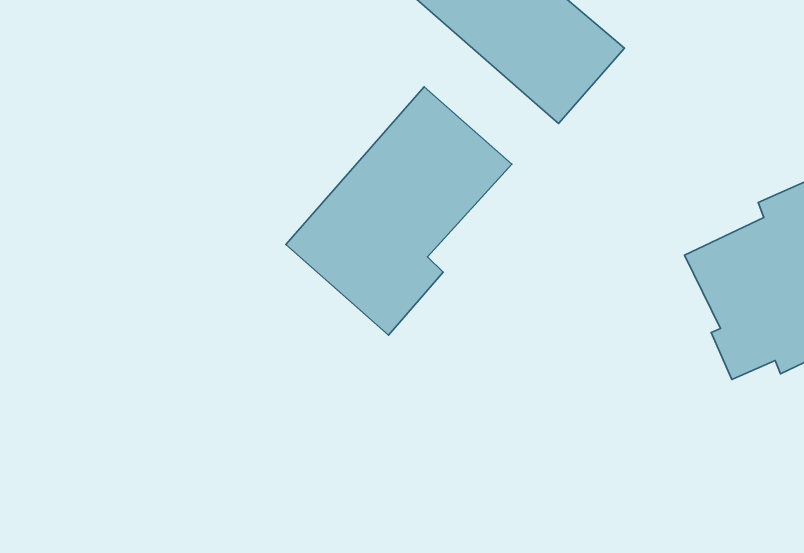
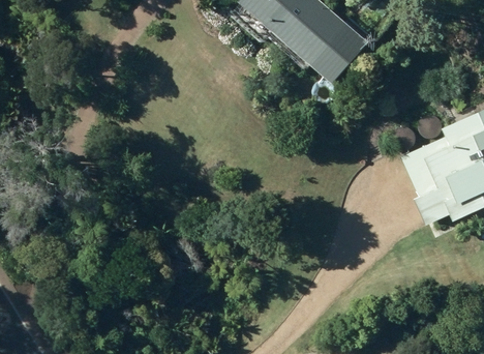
building: [286,87,512,335] -> none

